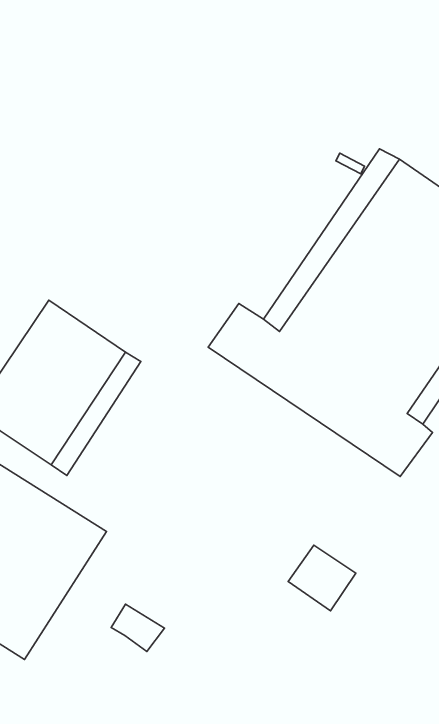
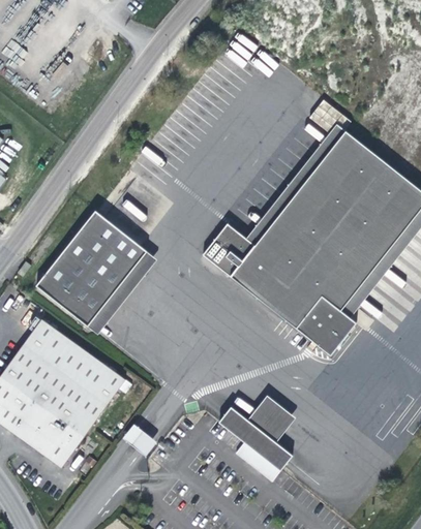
building: none -> [218,408,292,481]

